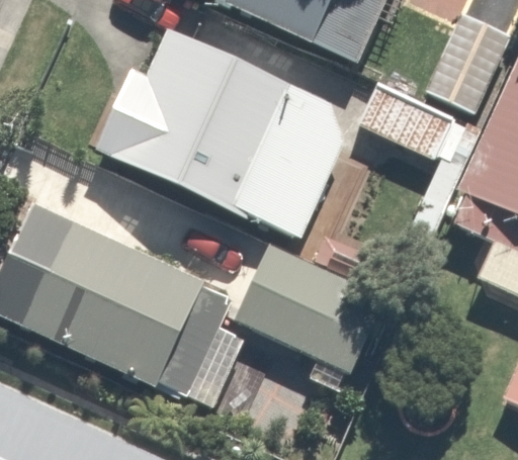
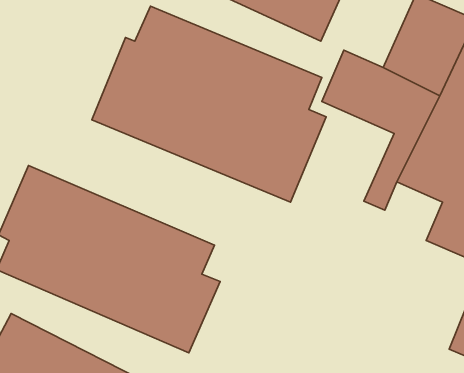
building: [237,244,381,398] -> none

